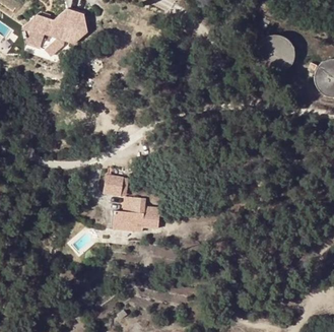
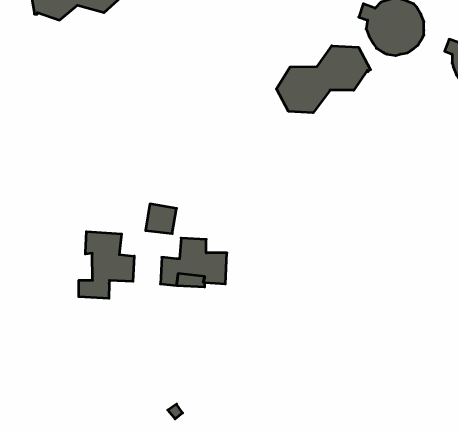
building: none -> [276,46,371,113]
building: none -> [79,232,134,298]

